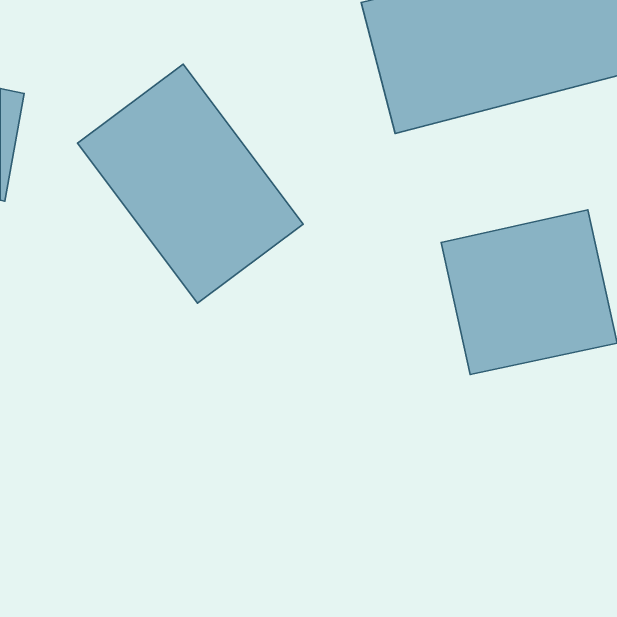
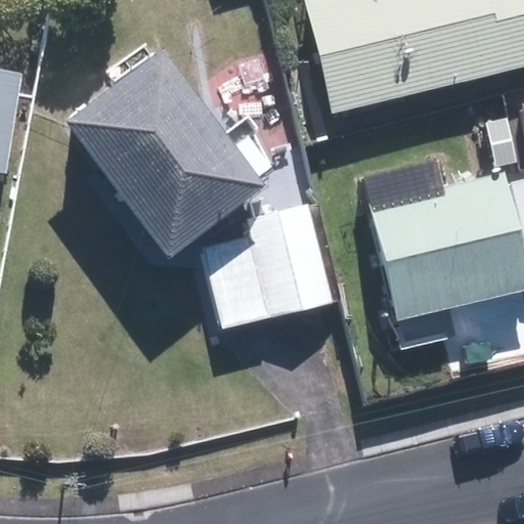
building: none -> [205,209,331,325]

